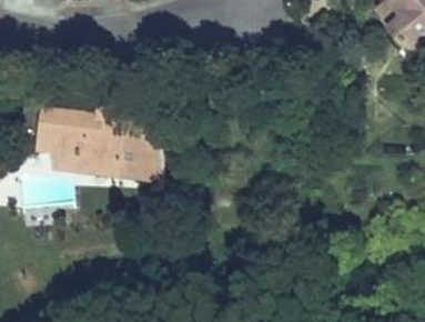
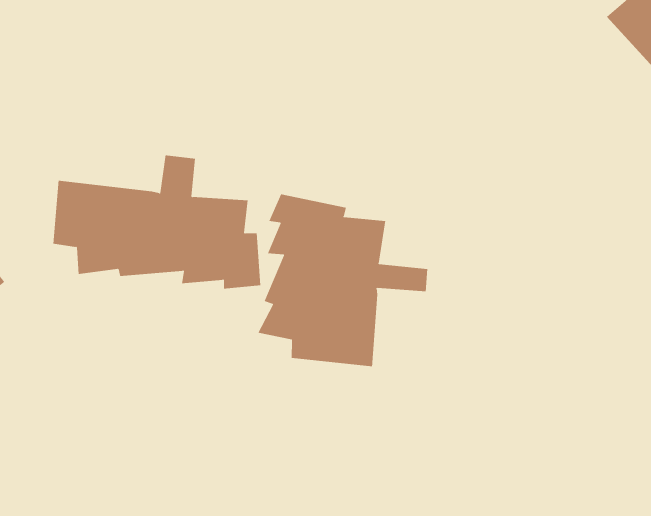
building: none -> [258,194,428,367]

